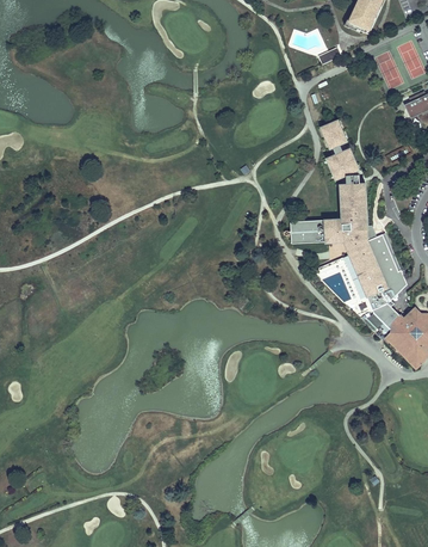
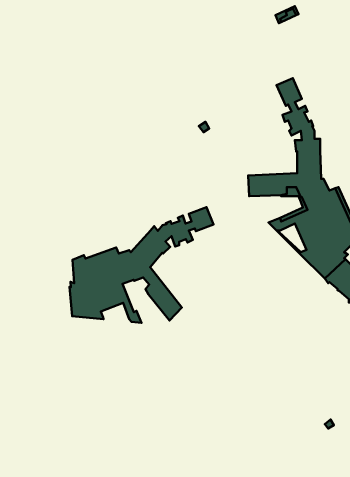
building: none -> [69,207,213,323]

